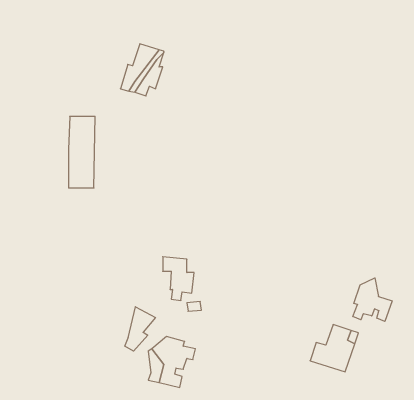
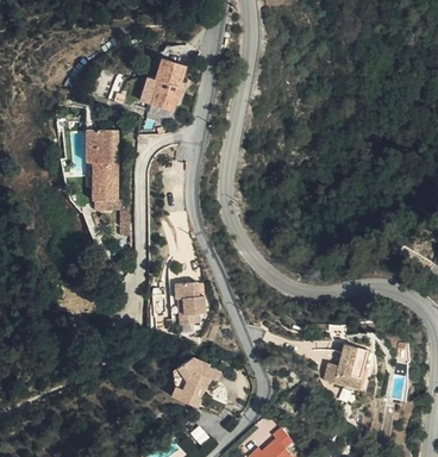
building: [353,278,392,321] -> none
building: [125,307,155,351] -> none

